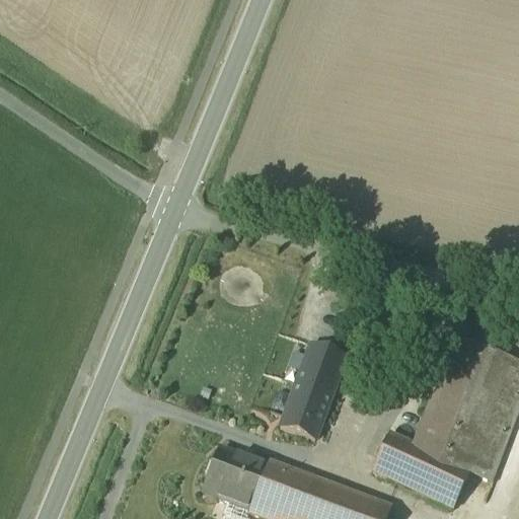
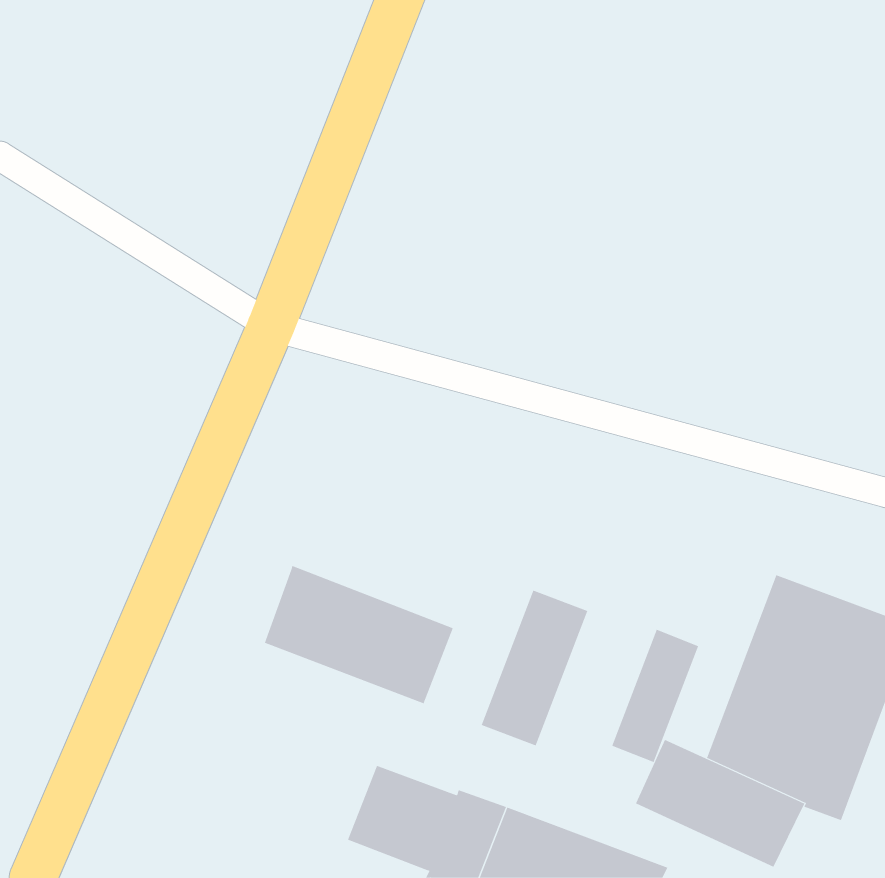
building: none -> [264,565,453,704]
building: none -> [611,629,699,763]

